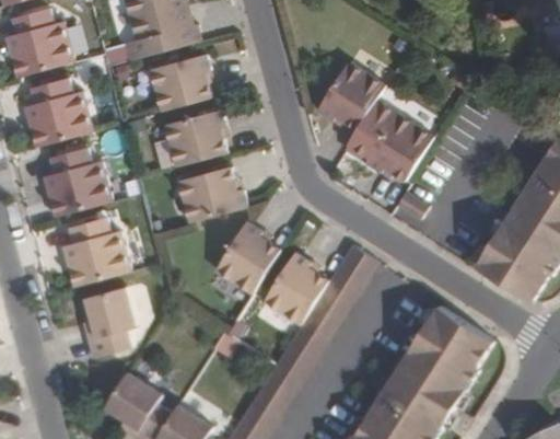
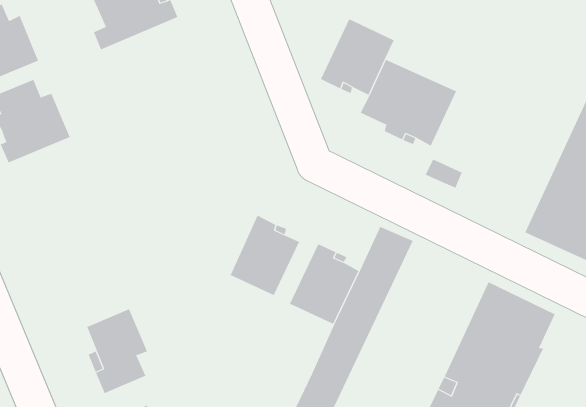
building: [148,54,210,111] -> none
building: [163,108,225,166] -> none
building: [48,147,110,216] -> none
building: [176,162,246,222] -> none
building: [67,217,129,286] -> none

